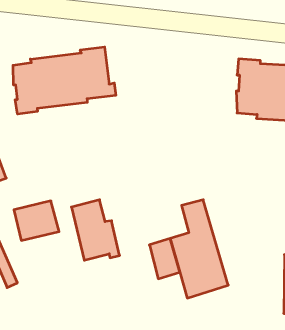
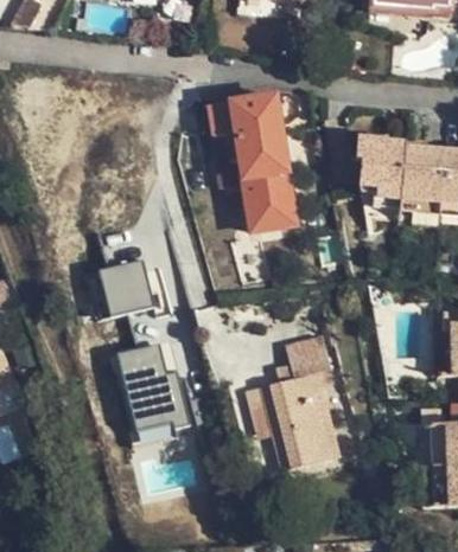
building: none -> [205,92,291,233]
building: [13,47,116,114] -> none
building: [14,201,59,240] -> [87,258,153,316]

